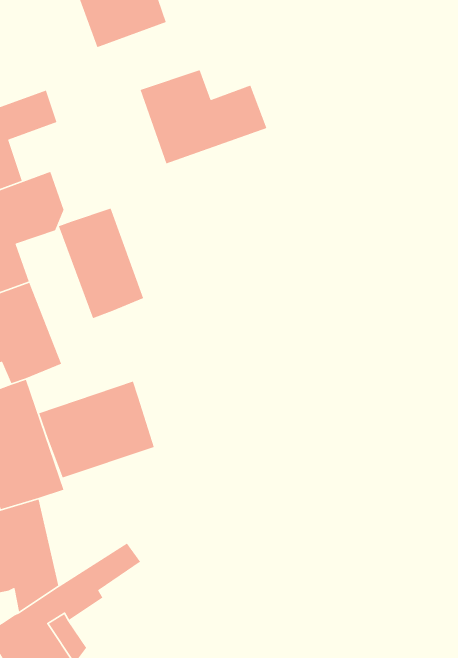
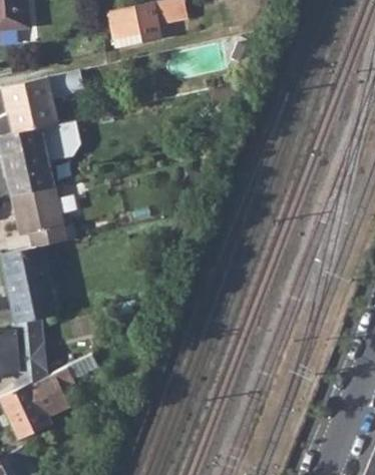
building: [140,69,267,164] -> none
building: [58,207,144,319] -> none
building: [38,380,155,478] -> none

